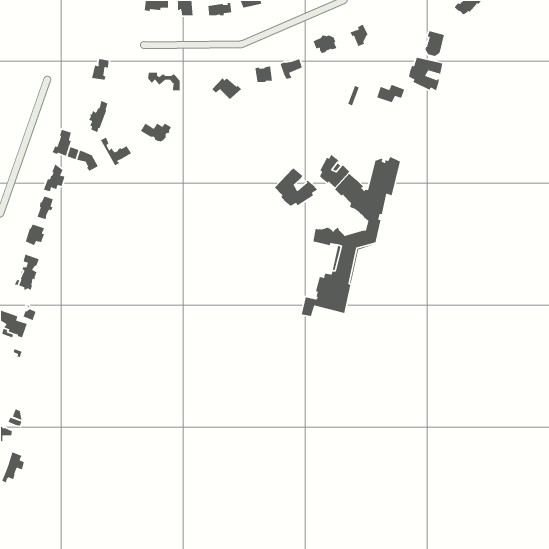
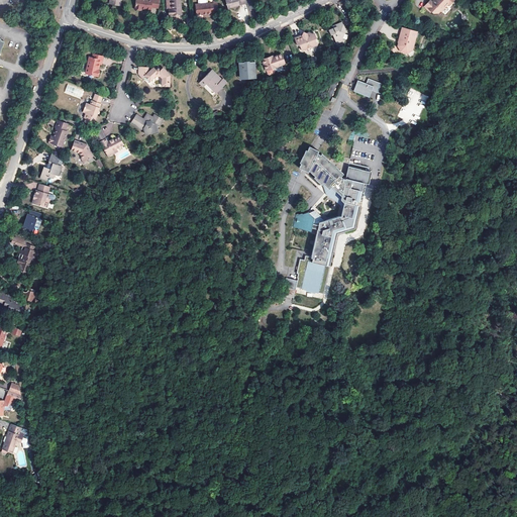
building: [408,57,443,91] -> none
building: [274,167,318,207] -> none

